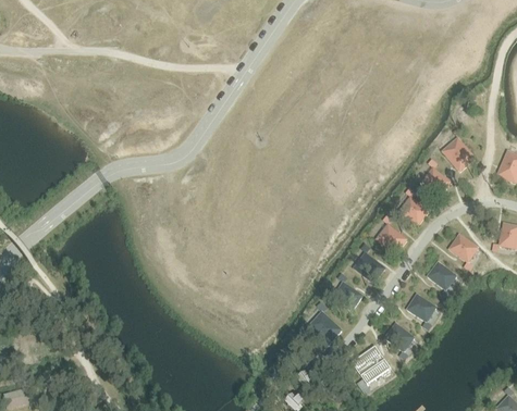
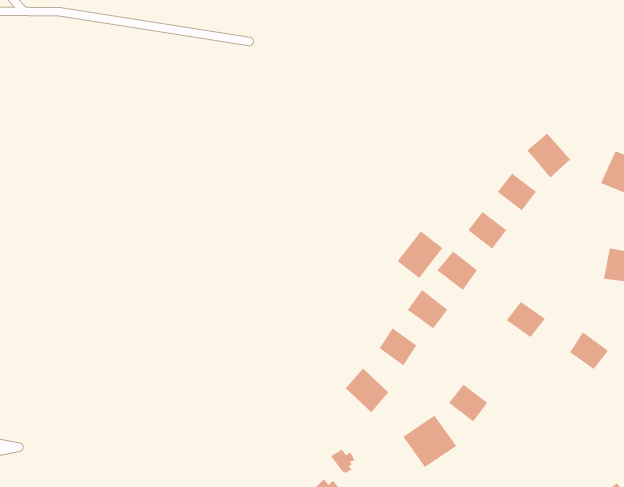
building: none -> [397,230,443,279]
building: [448,233,478,261] -> [569,332,609,370]
building: [406,292,435,321] -> none

